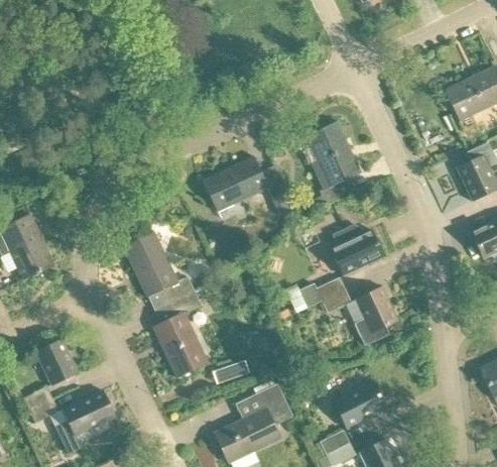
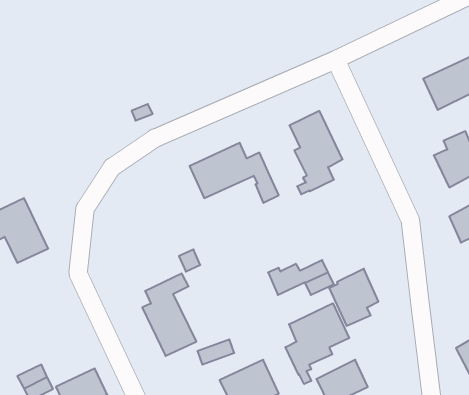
building: [322,225,384,276] -> none
building: [122,232,194,310] -> none
building: none -> [285,303,349,384]
building: [35,339,79,385] -> none

